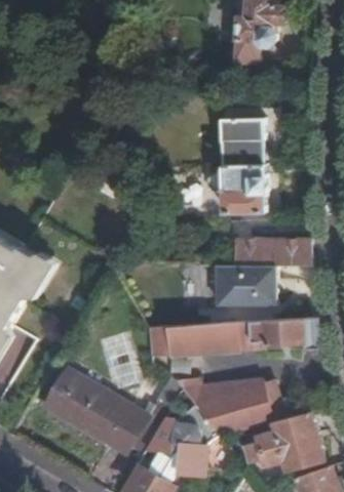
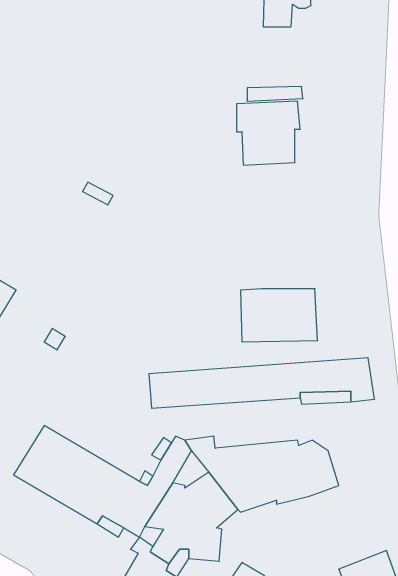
building: [204,166,265,214] -> none
building: [234,239,310,263] -> none
building: [243,412,321,470] -> none

